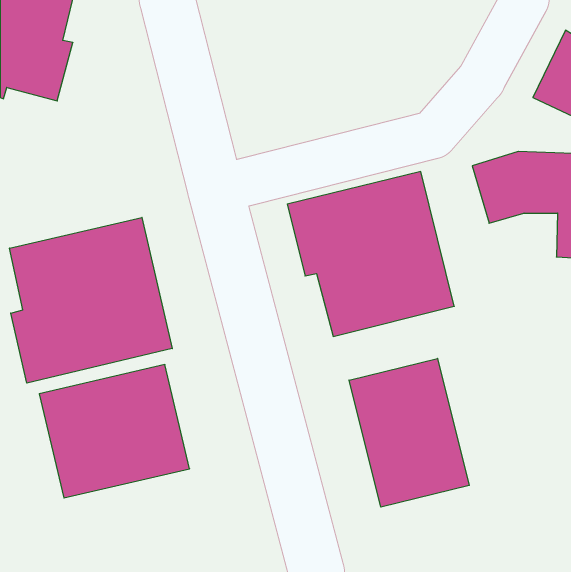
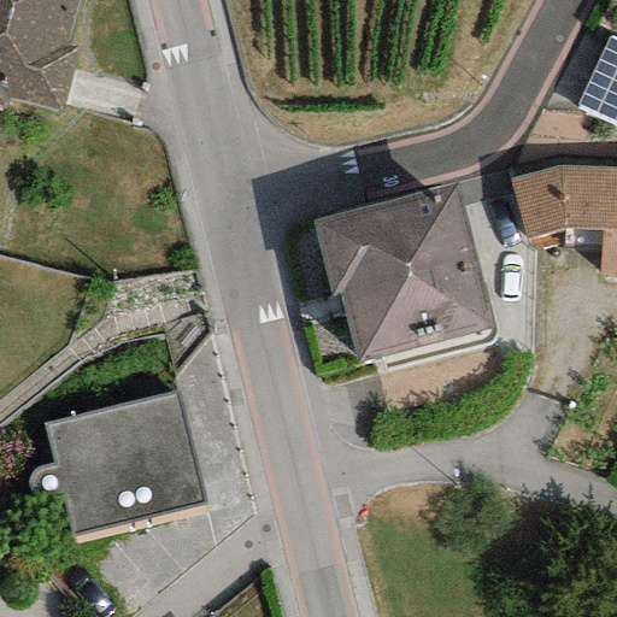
building: [10,217,172,383] -> none
building: [349,358,469,507] -> none

